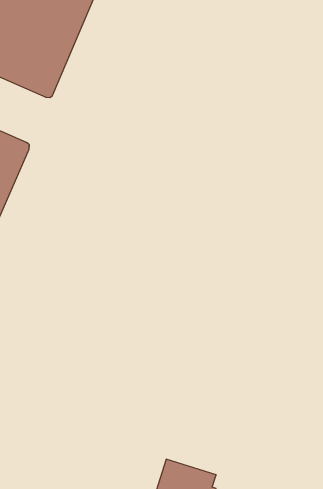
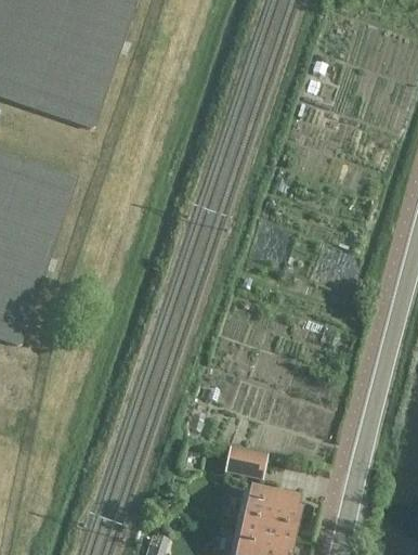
building: none -> [222,447,263,479]

